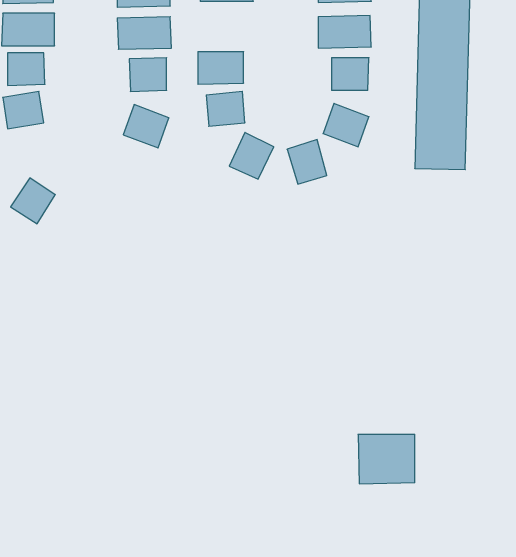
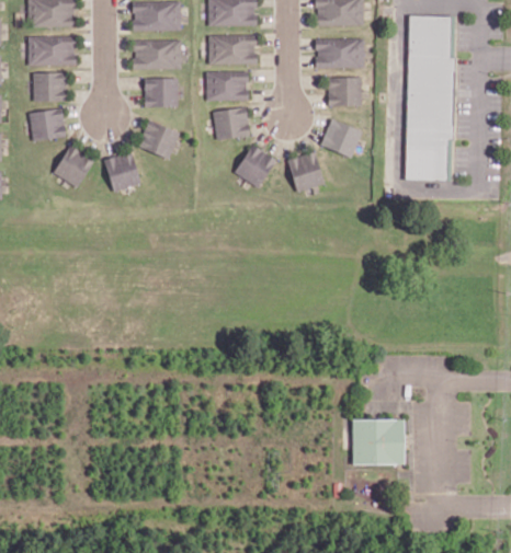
building: none -> [208,34,257,65]
building: none -> [104,151,141,192]
building: [11,178,55,224] -> [53,146,93,187]

